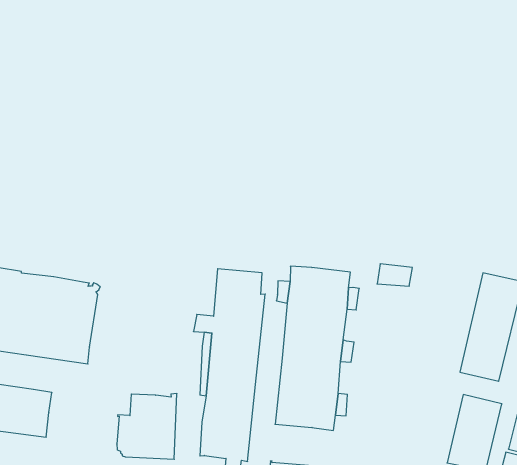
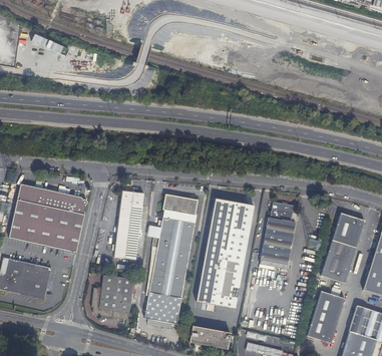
building: none -> [114,190,143,258]
building: none -> [260,217,296,268]

